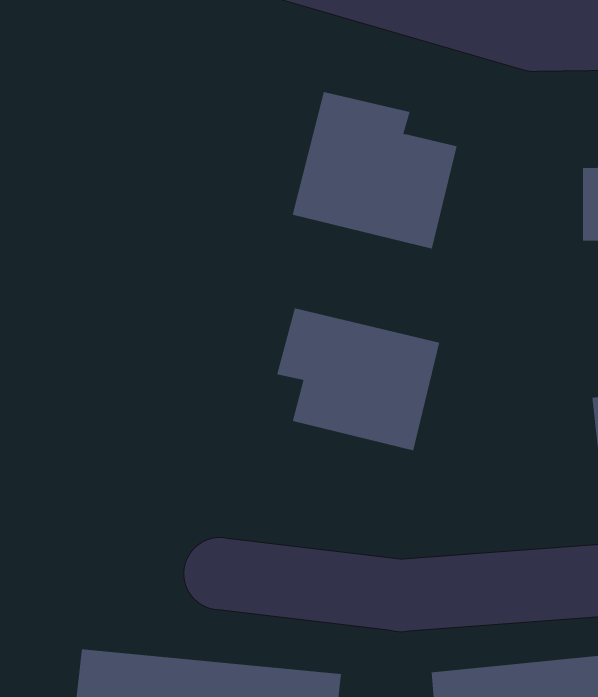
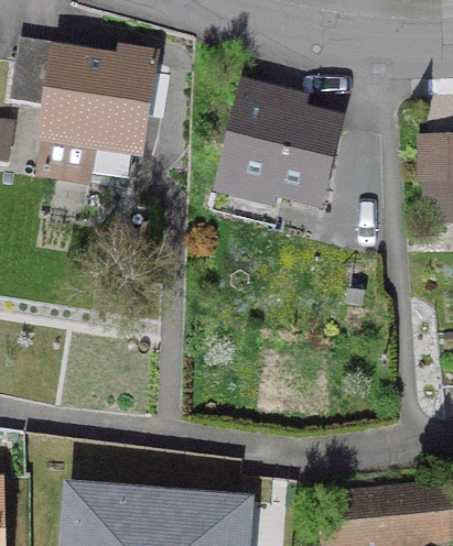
building: none -> [37,58,150,184]
building: [277,308,440,451] -> none

